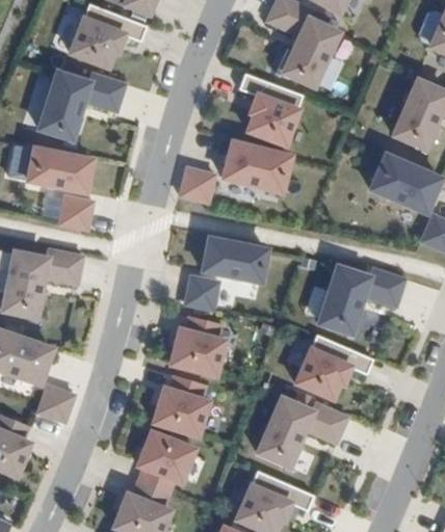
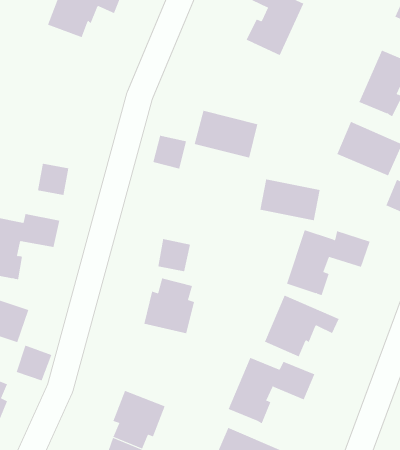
building: [38,73,126,141] -> none
building: [239,74,303,144] -> none
building: [28,149,91,192] -> none
building: [203,238,266,282] -> [259,179,321,221]
building: [153,375,207,435] -> none

